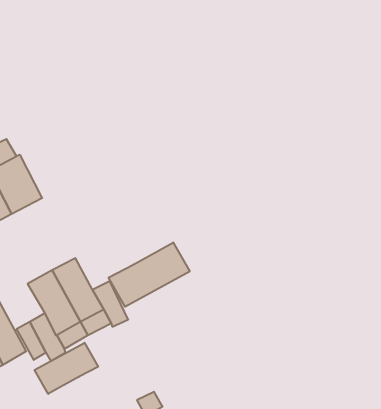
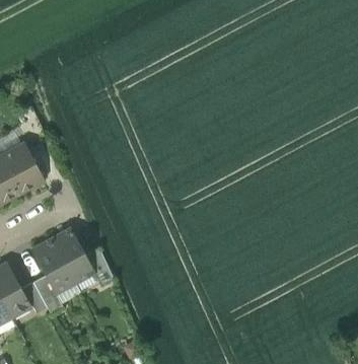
building: [109,242,190,307] -> none
building: [35,343,98,394] -> none

